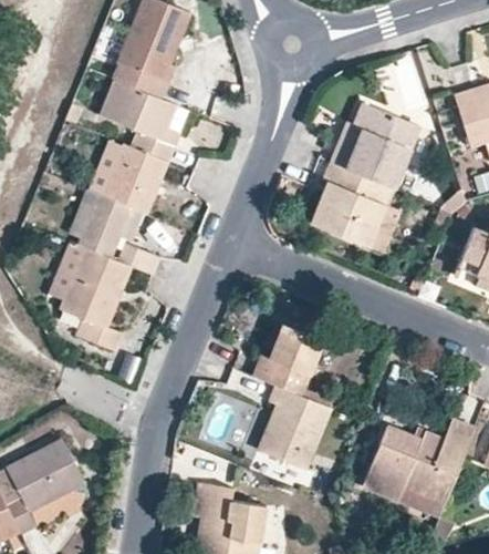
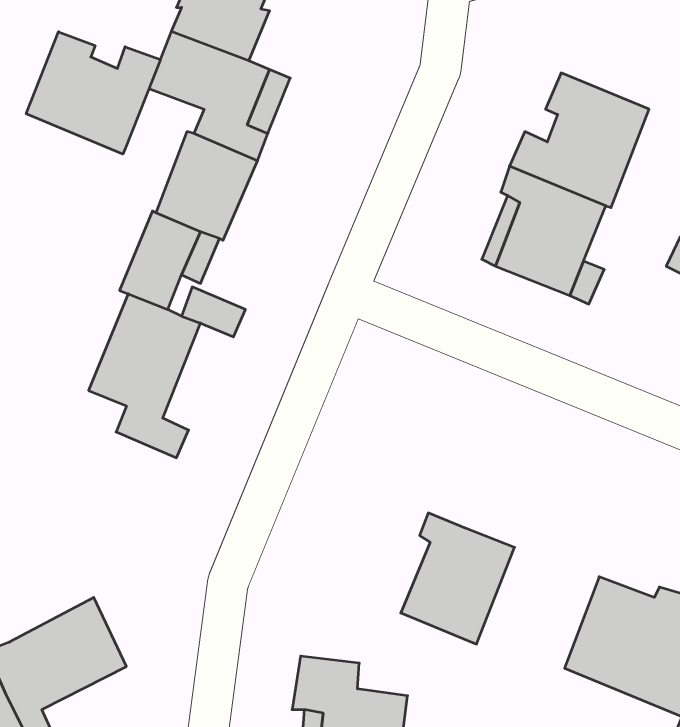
building: none -> [26,32,160,154]
building: [252,325,322,396] -> none

